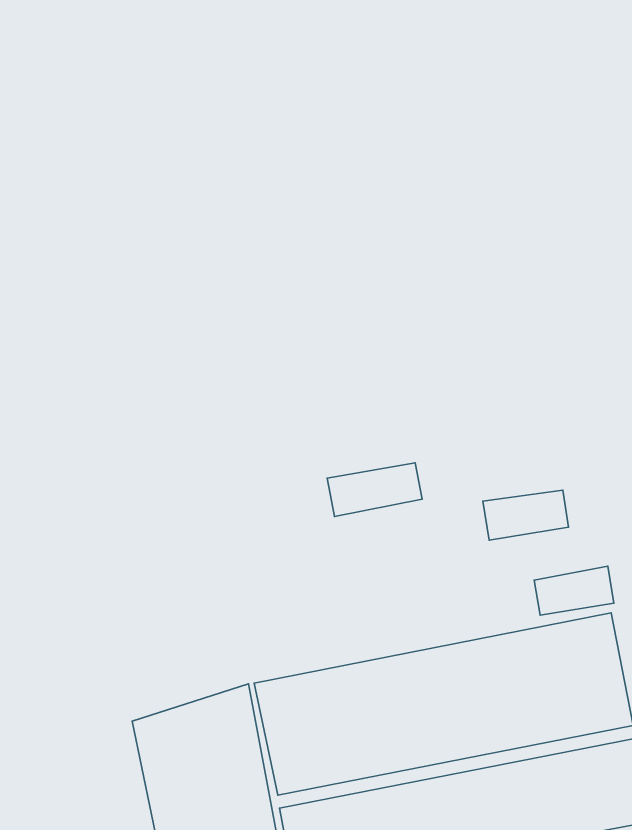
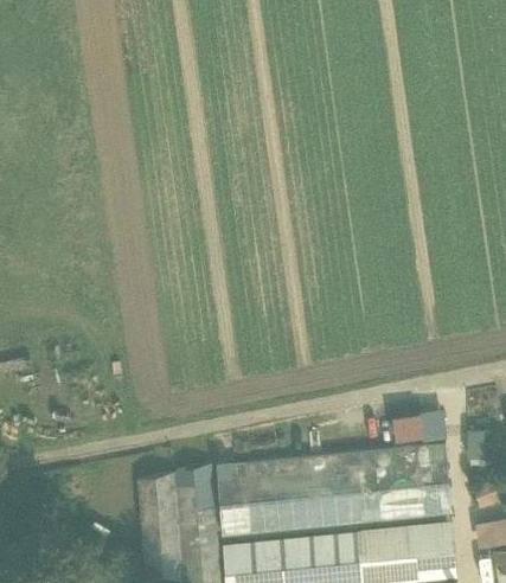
building: [327,463,422,516] -> none
building: [483,490,569,540] -> none

